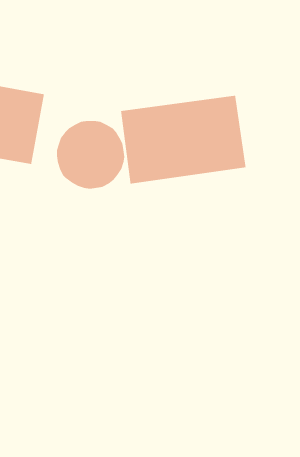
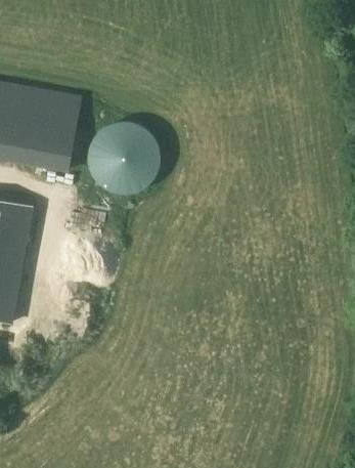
building: [120,95,246,184] -> none

